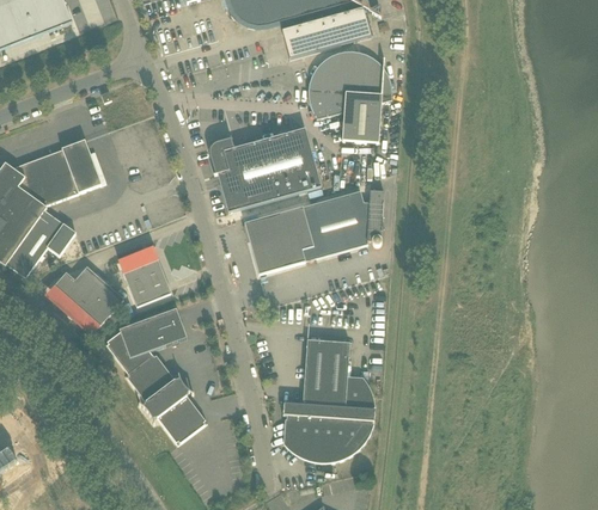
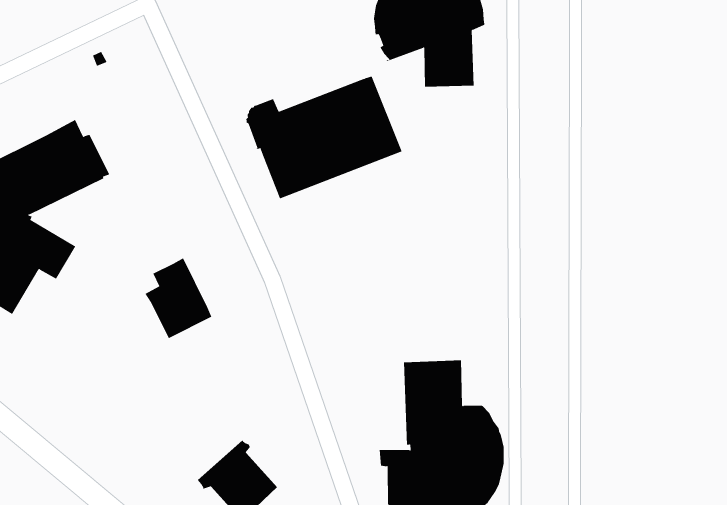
building: [243,190,383,274] -> none
building: [53,265,123,326] -> none
building: [104,308,185,411] -> none

